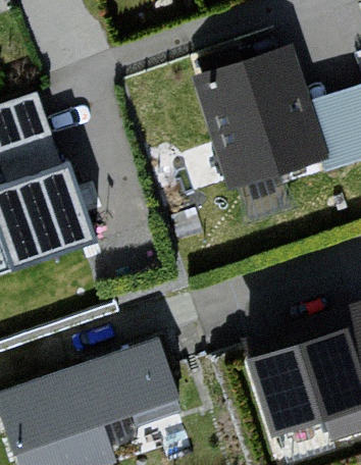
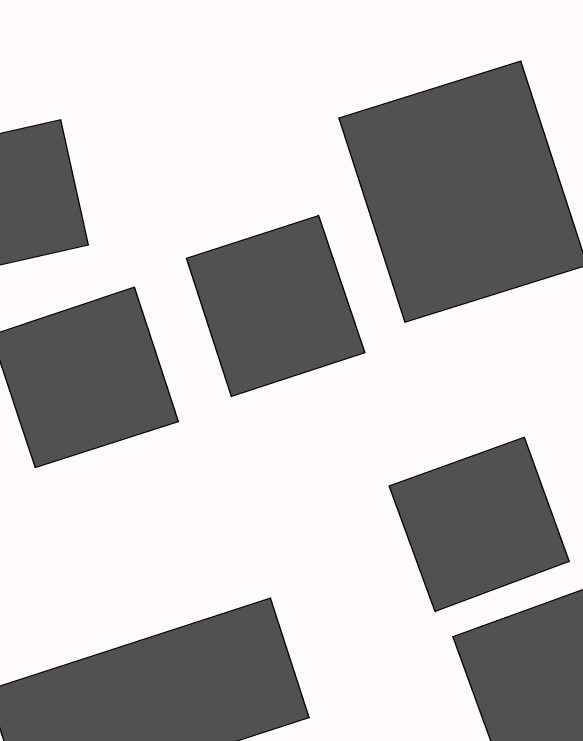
building: none -> [187,215,365,397]
building: none -> [389,437,569,612]

